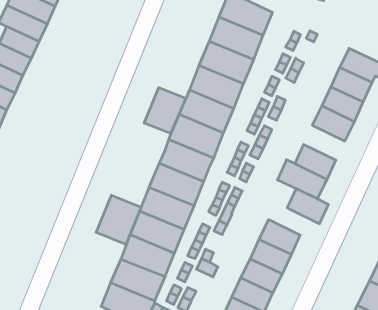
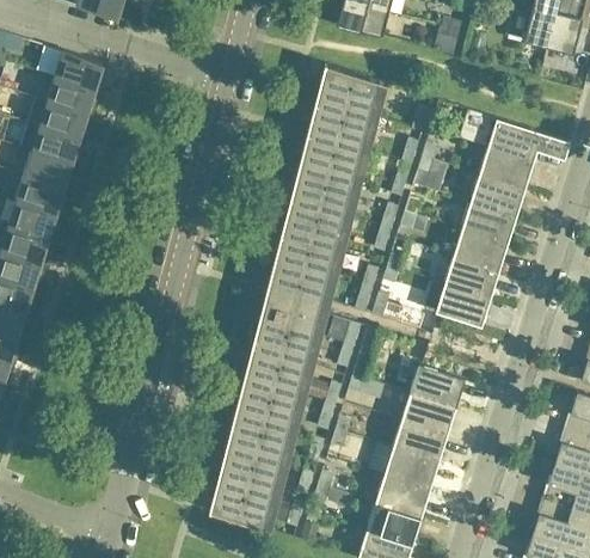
building: [144,88,186,133] -> none
building: [287,189,328,224] -> [451,229,506,272]
building: [96,195,141,244] -> none

